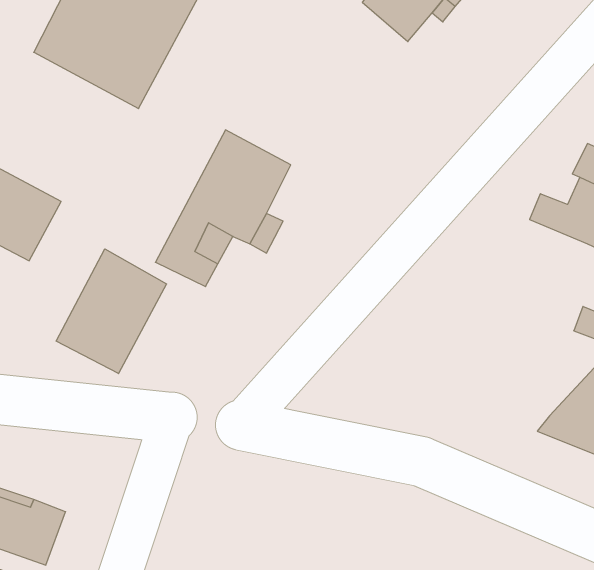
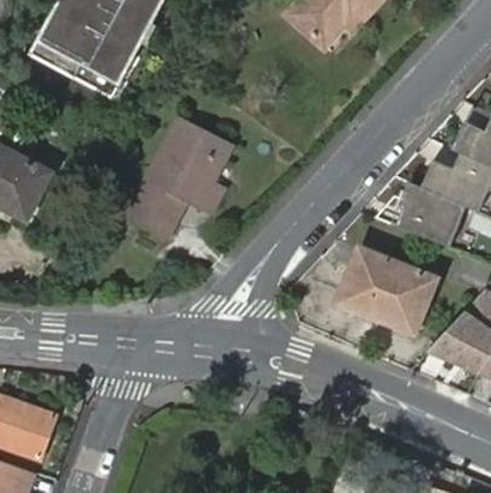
building: none -> [395,182,466,248]
building: [56,249,167,374] -> none
building: none -> [338,249,436,333]

